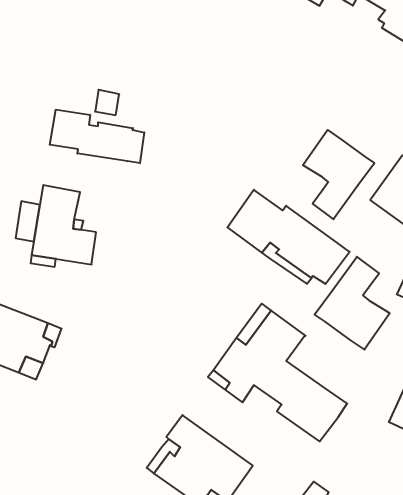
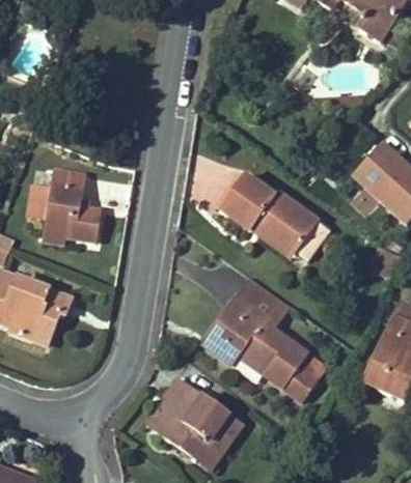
building: [50,110,144,163] -> none
building: [303,130,374,219] -> none
building: [315,257,390,350] -> none

